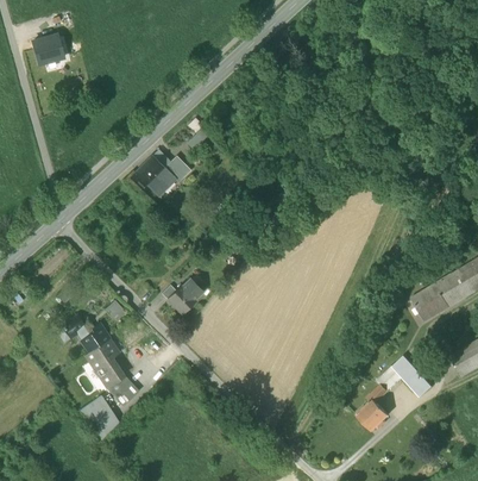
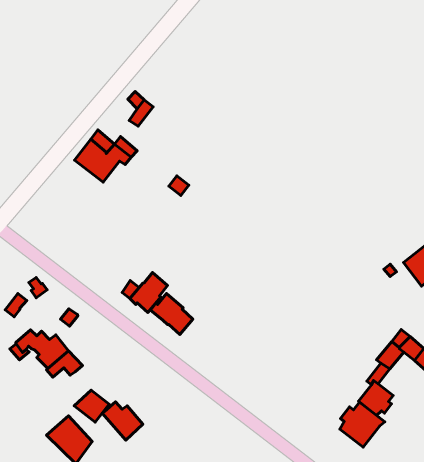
building: none -> [151,293,193,335]
building: [89,354,124,388] -> [102,402,143,440]
building: none -> [340,402,385,447]

